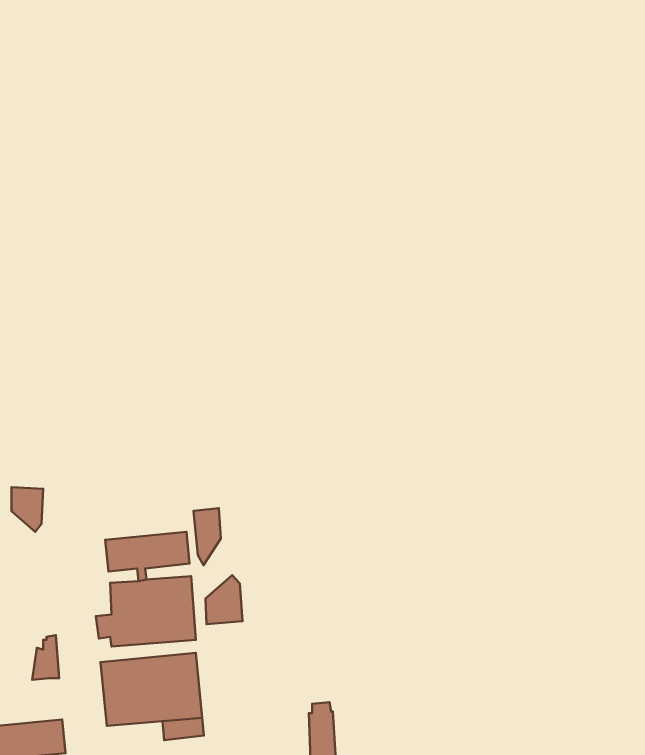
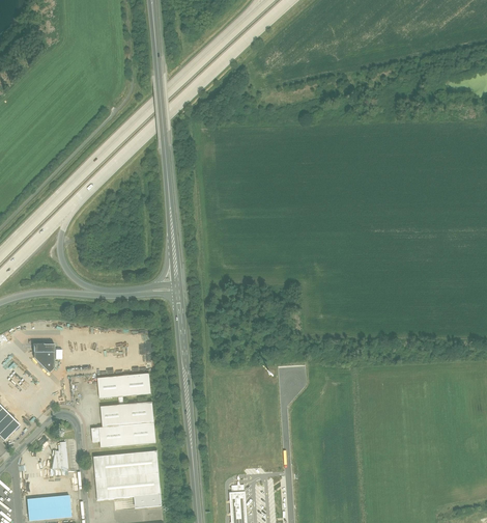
building: [193,508,221,565] -> none
building: [206,575,243,624] -> none

